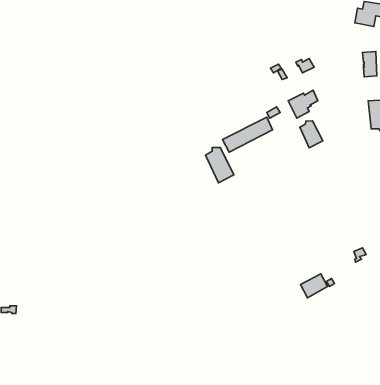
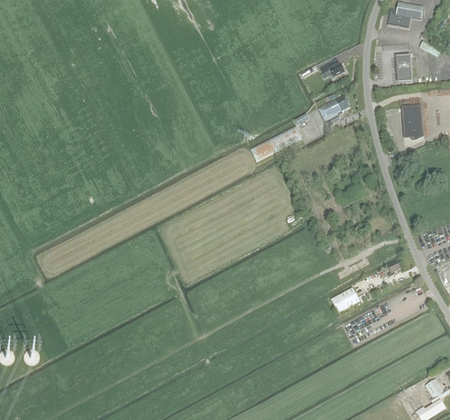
building: [300,121,323,148] -> none
building: [206,148,234,183] -> none

